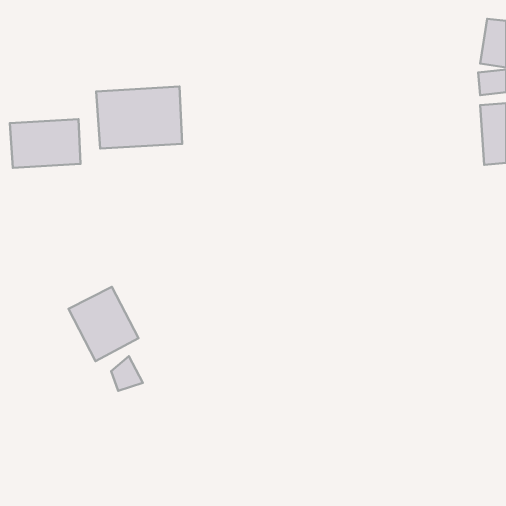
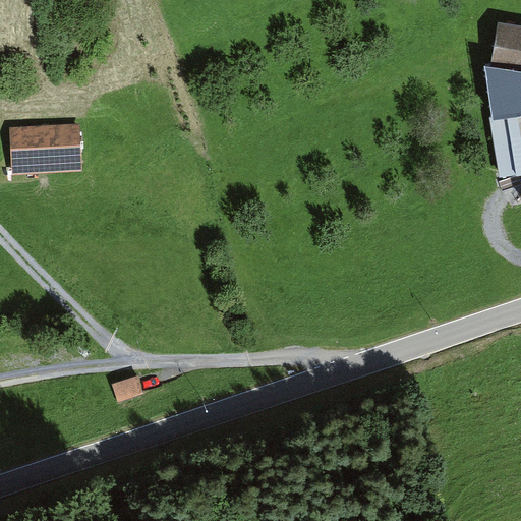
building: [96,87,182,148] -> none
building: [69,287,138,361] -> none

